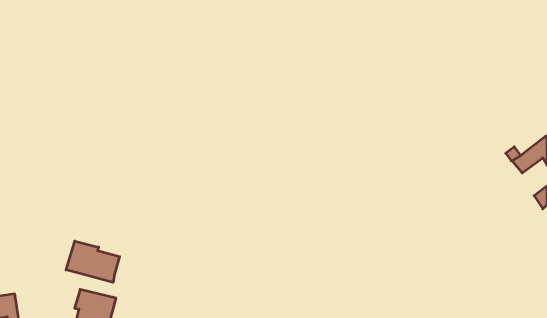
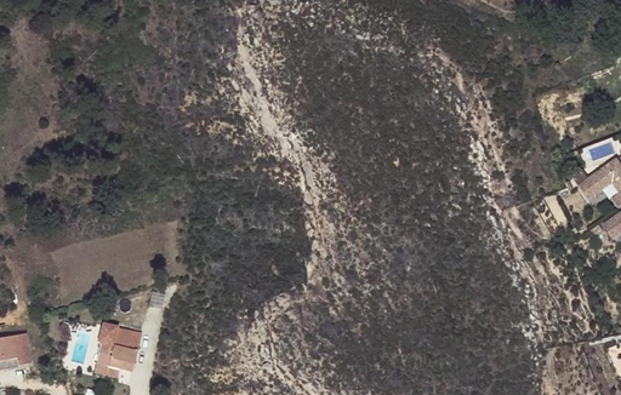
building: [66,241,120,282] -> none

